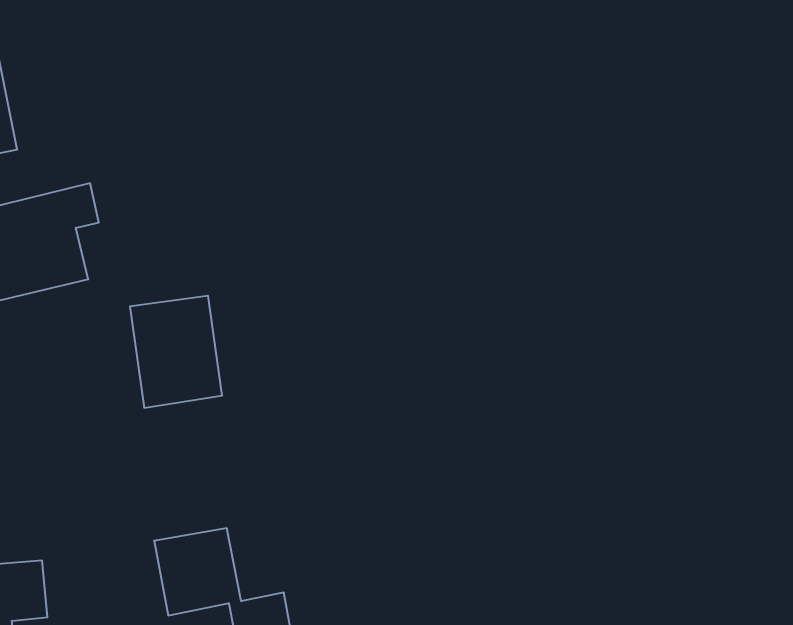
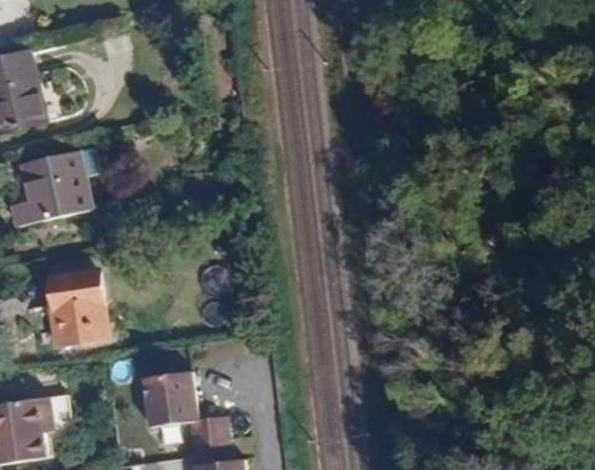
building: [130,296,222,408] -> [46,263,108,338]

